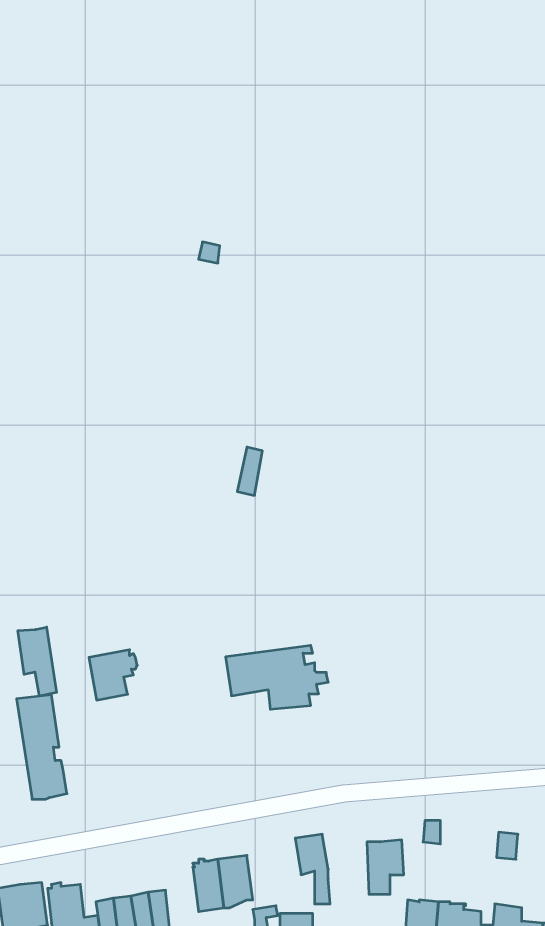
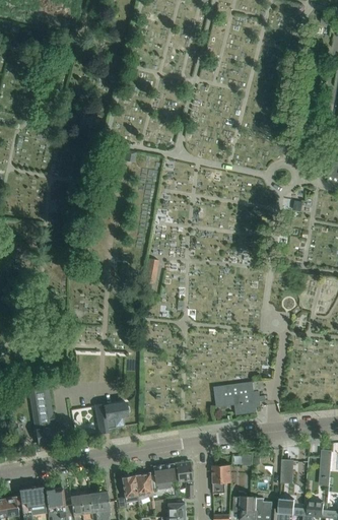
building: [18,627,57,696] -> none
building: [226,645,328,709] -> [212,382,266,415]
building: [89,650,137,700] -> [104,403,129,430]
building: none -> [152,464,175,491]

